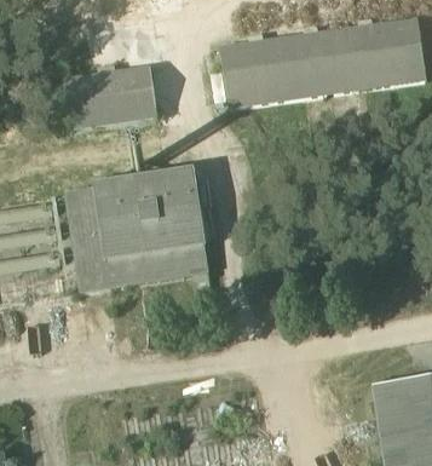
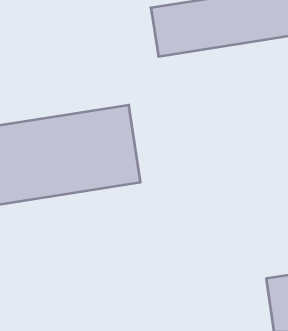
building: [58,64,156,132] -> none

